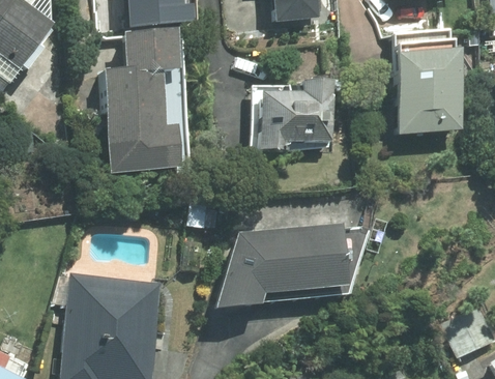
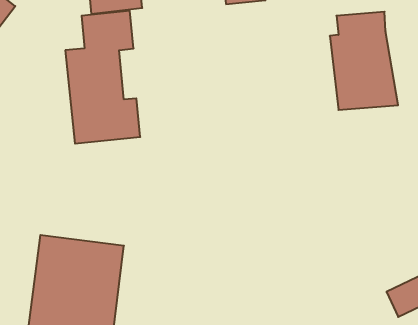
building: [261,83,331,151] -> none
building: [216,224,347,308] -> none

